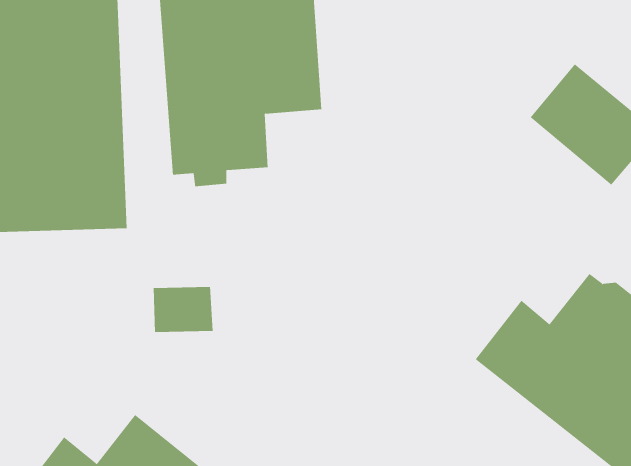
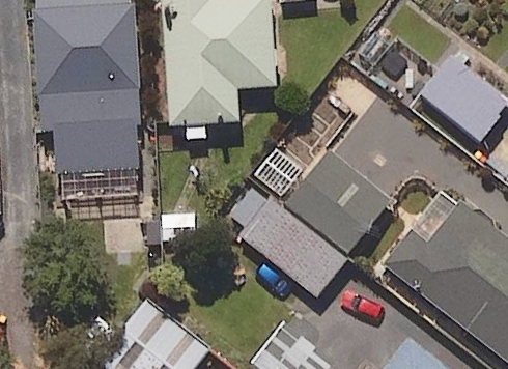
building: none -> [287,150,391,252]
building: none -> [238,196,347,296]

